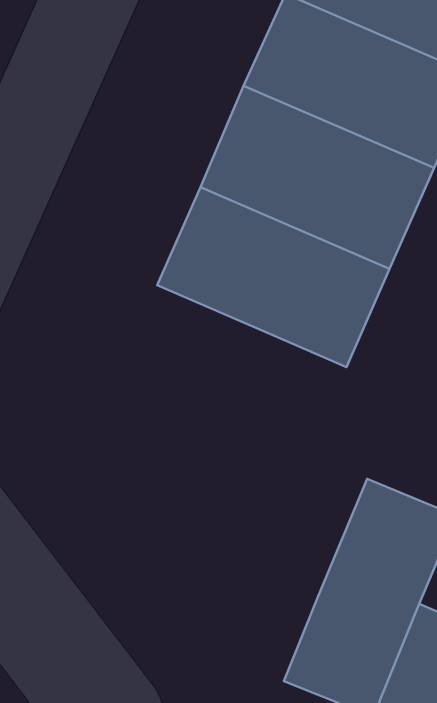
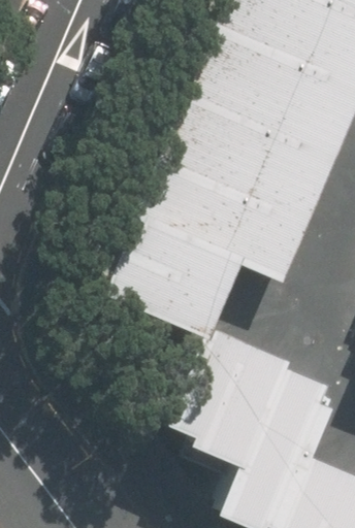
building: none -> [98,233,208,341]
building: none -> [164,320,284,449]

